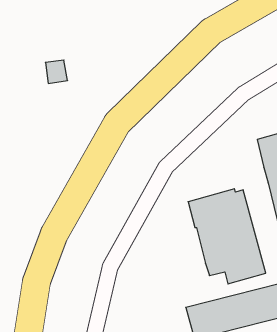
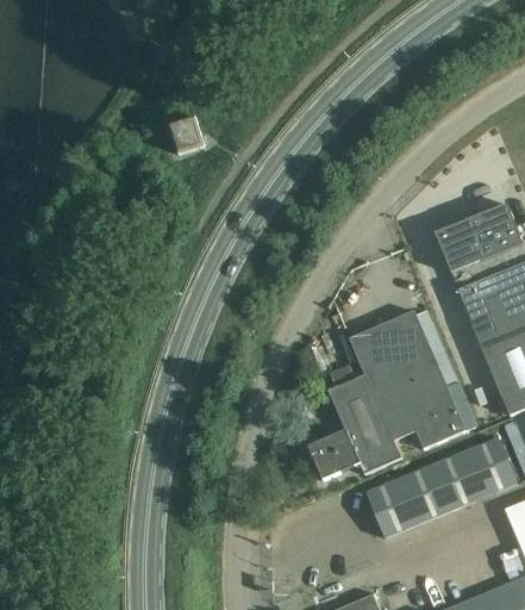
building: [45,60,68,83] -> [169,117,205,154]
building: none -> [308,338,402,480]

